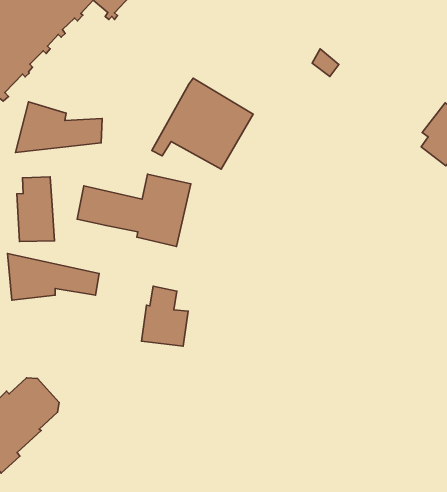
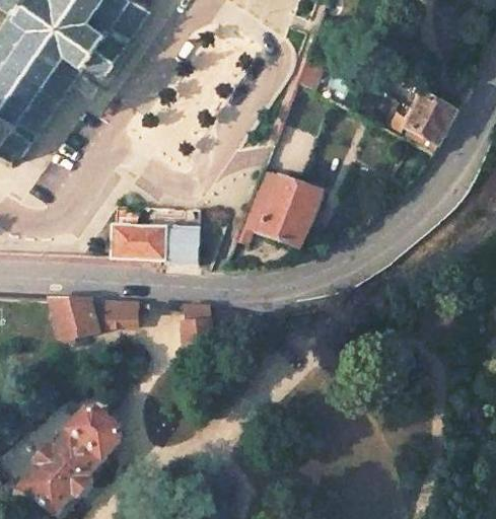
building: [152,78,253,169] -> [235,168,322,246]
building: [15,102,102,153] -> none
building: [17,177,54,241] -> none

